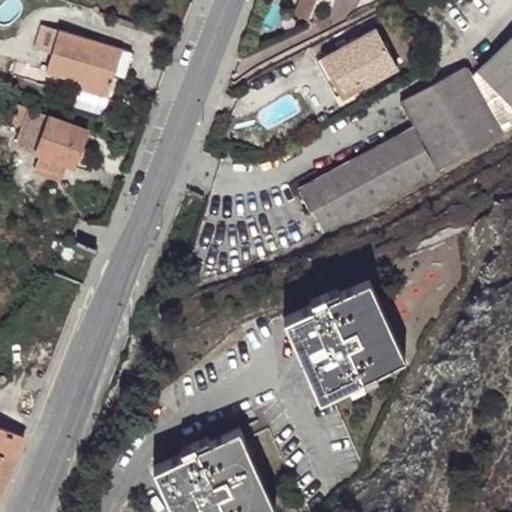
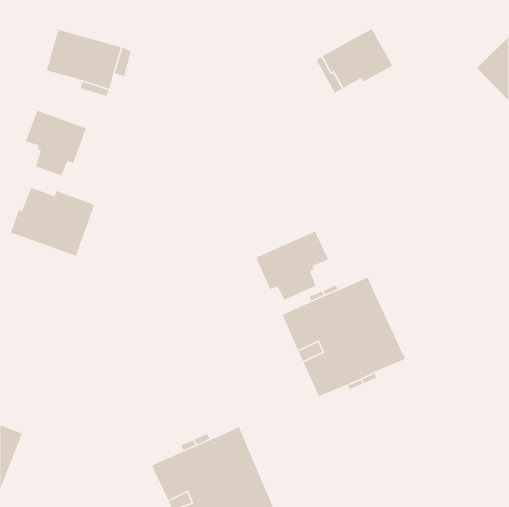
building: [298,69,501,234] -> none
building: none -> [10,187,95,257]
building: none -> [255,231,329,301]

